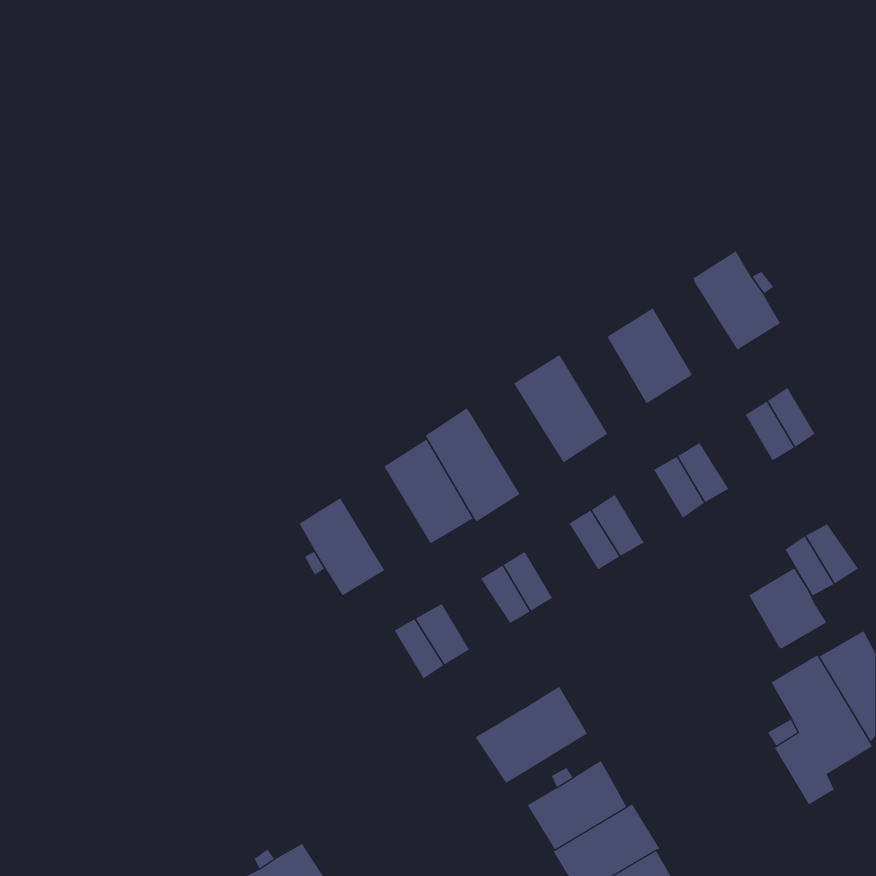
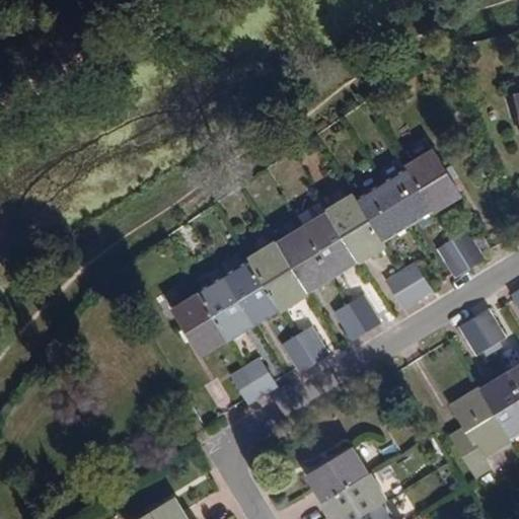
building: none -> [383,170,432,224]
building: none -> [327,195,382,262]
building: none -> [276,229,330,292]
building: none -> [199,278,252,340]
building: [747,567,827,649] -> none
building: [475,686,588,784] -> none

